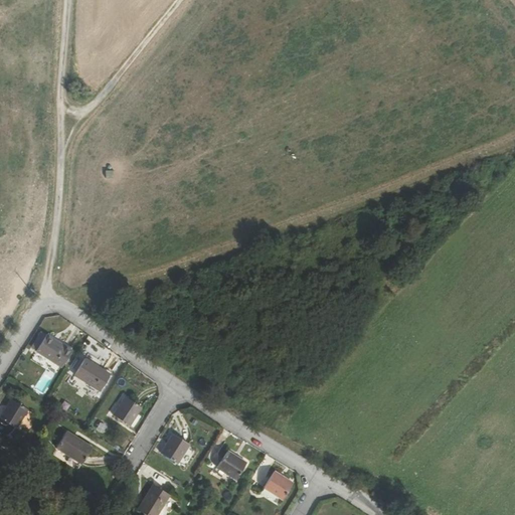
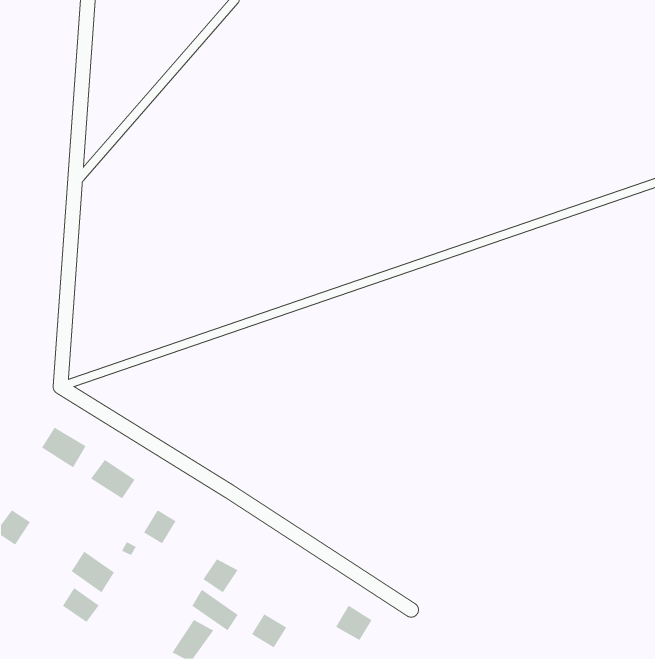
building: [217,453,245,480] -> [251,613,287,648]
building: none -> [62,587,100,623]
building: none -> [191,589,239,631]

